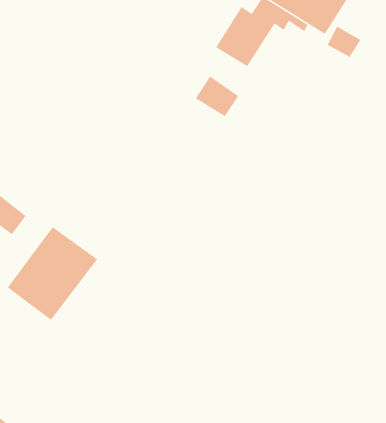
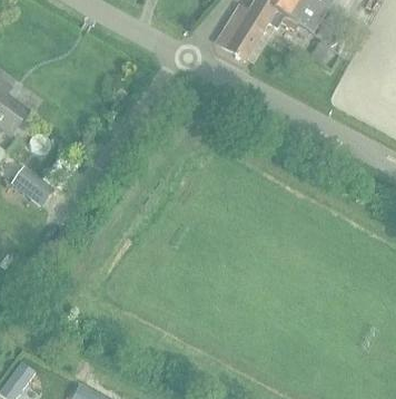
building: [195,75,239,117] -> none
building: [7,226,98,321] -> none

